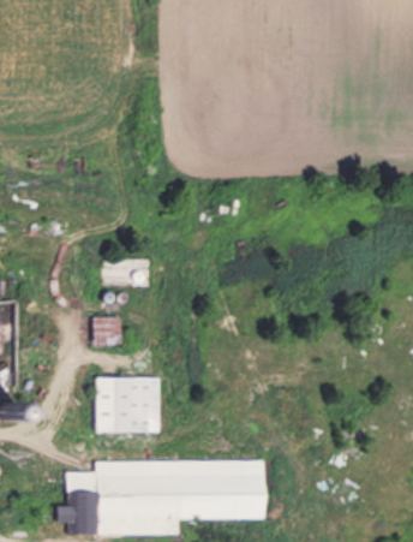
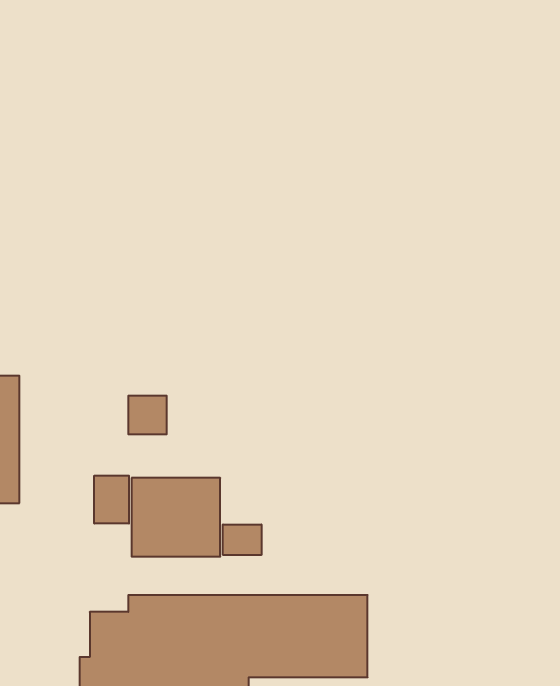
building: none -> [94,476,129,524]
building: none -> [223,524,261,555]

